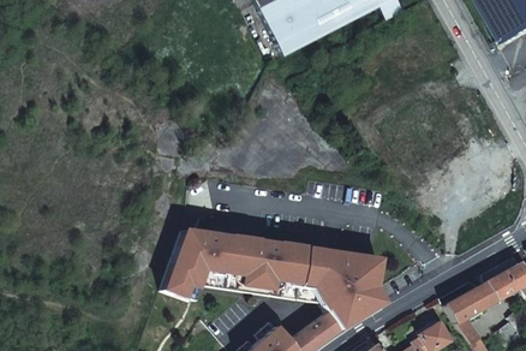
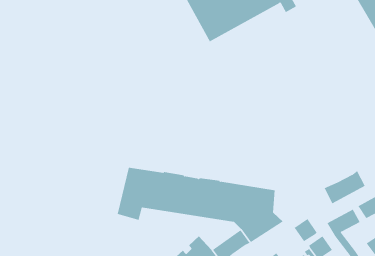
building: none -> [324,170,366,204]
building: none -> [294,218,317,242]

